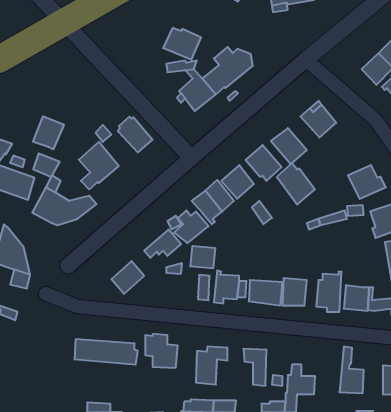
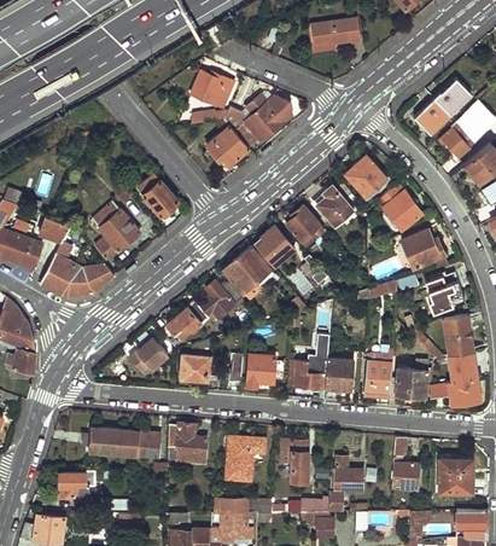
building: [33,116,64,149] -> none
building: [277,163,315,204] -> [379,185,422,232]
building: [190,246,215,268] -> [182,356,211,382]
building: none -> [59,472,91,496]

